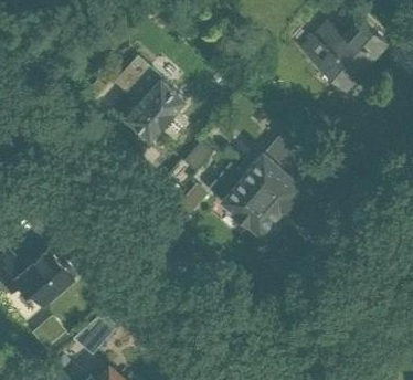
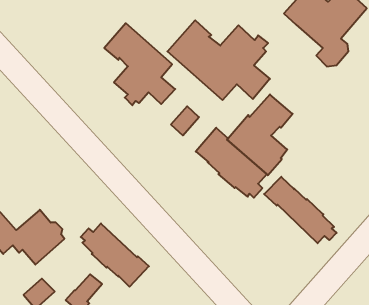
building: none -> [167,20,270,100]
building: none -> [264,177,337,243]
building: none -> [81,223,149,287]

